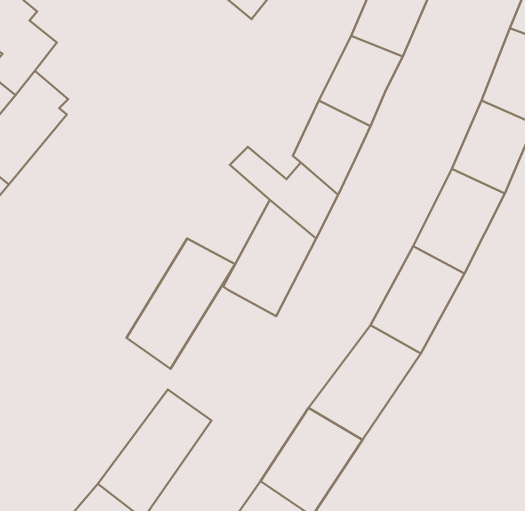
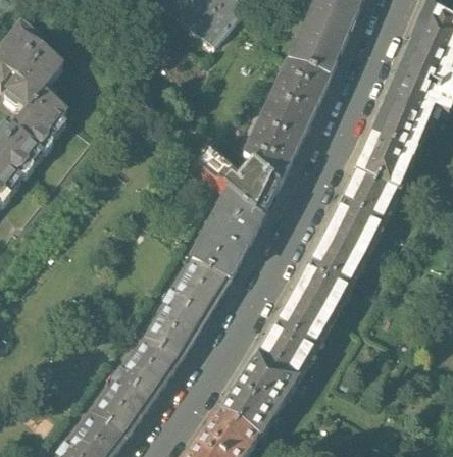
building: [127,238,235,369] -> [143,259,229,362]

